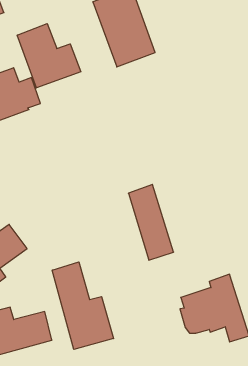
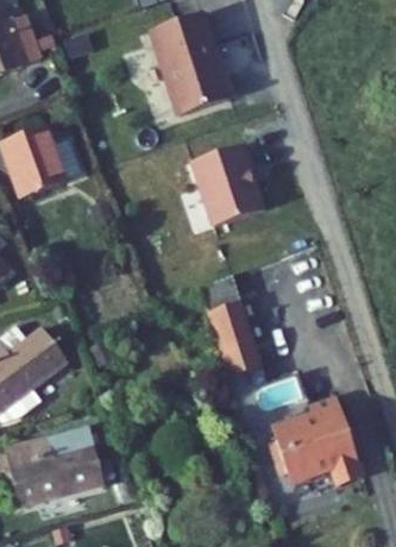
building: [17,24,81,88] -> none
building: none -> [207,139,278,218]
building: [52,262,114,349] -> none

